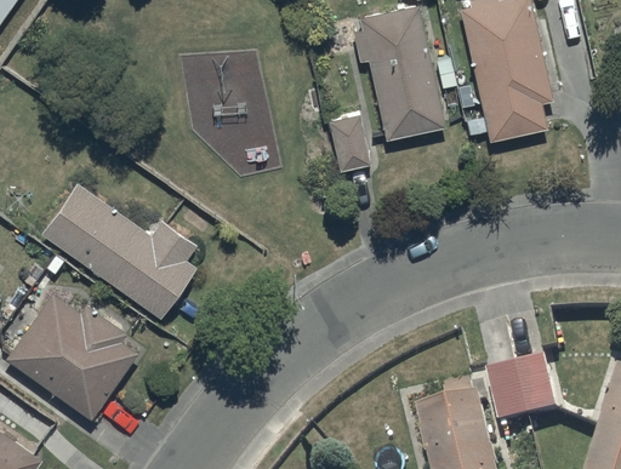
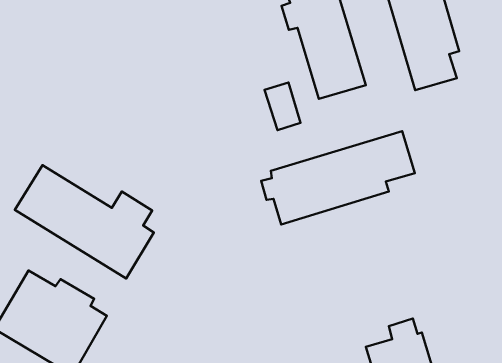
building: none -> [261,131,415,224]
building: [486,359,558,425] -> none

